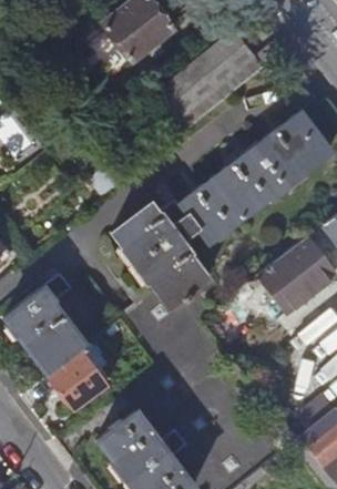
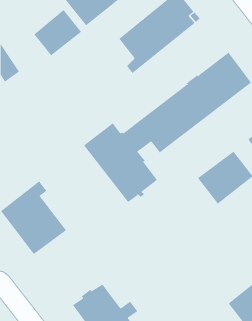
building: none -> [33,9,82,56]
building: [48,344,108,410] -> none

